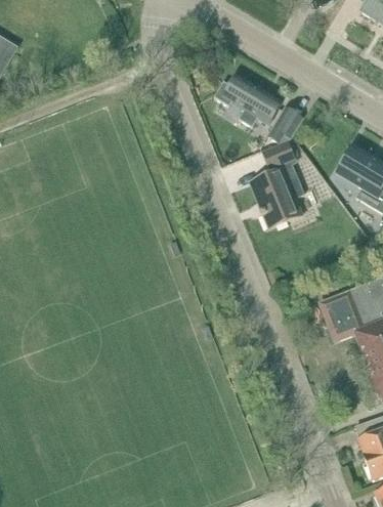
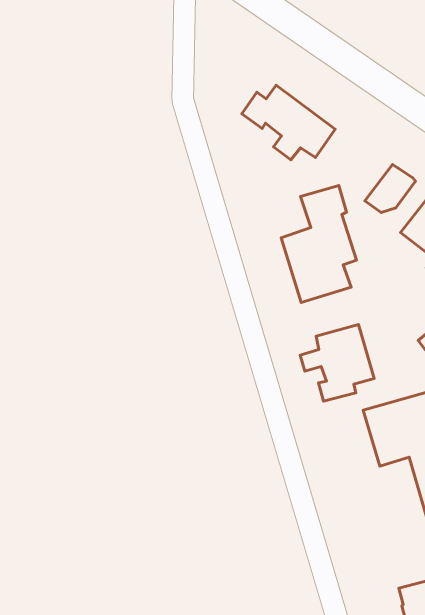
building: [267,109,302,143] -> [365,165,416,212]
building: none -> [300,325,374,401]

